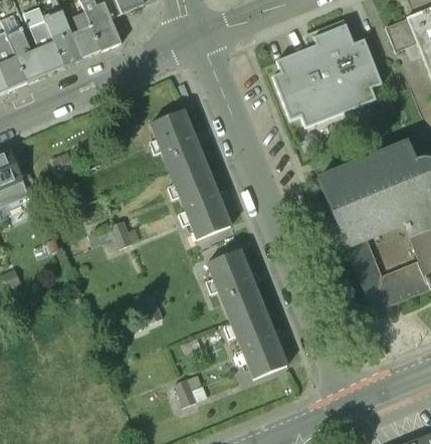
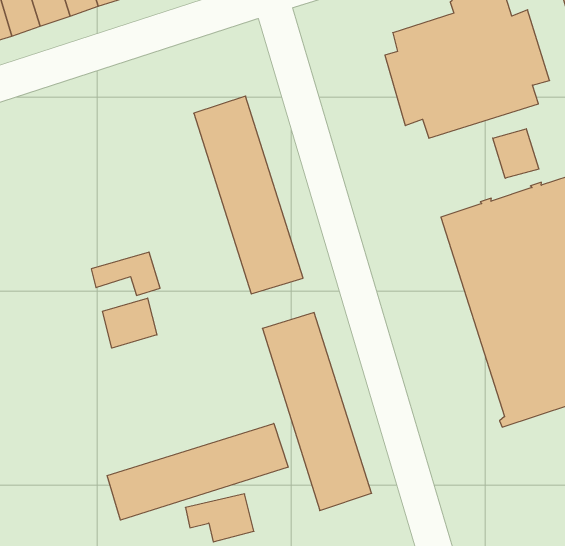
building: none -> [493,129,539,178]
building: none -> [102,298,157,348]
building: none -> [107,423,288,520]

